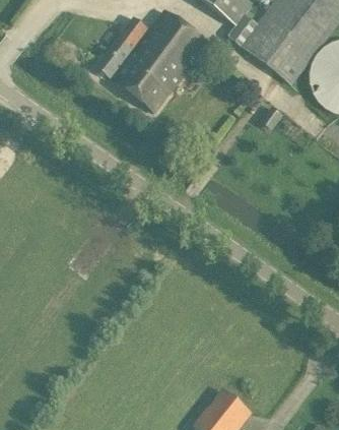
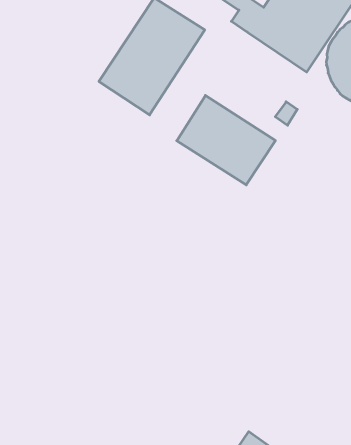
building: [96,20,146,78] -> none
building: none -> [177,95,275,185]

